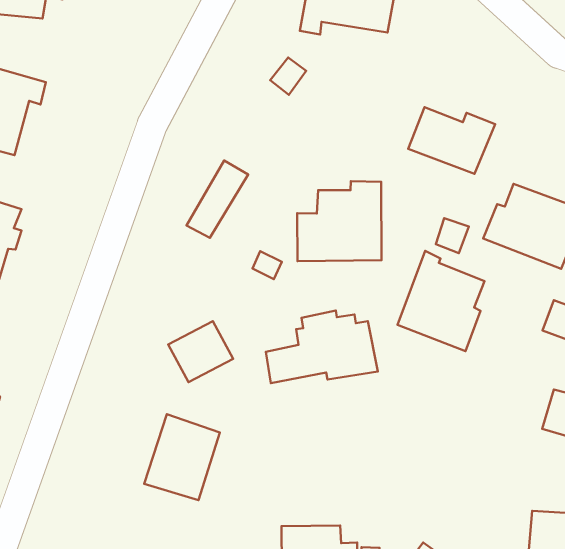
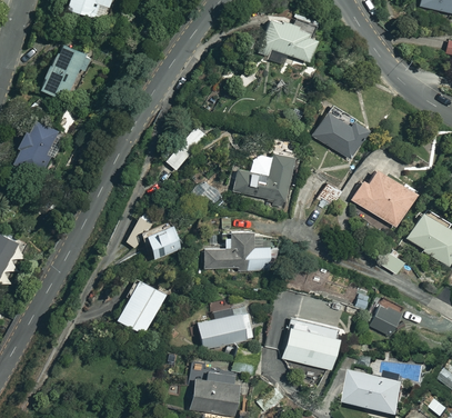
building: [398,251,485,351] -> none
building: none -> [198,305,257,350]
building: none -> [281,318,341,370]

